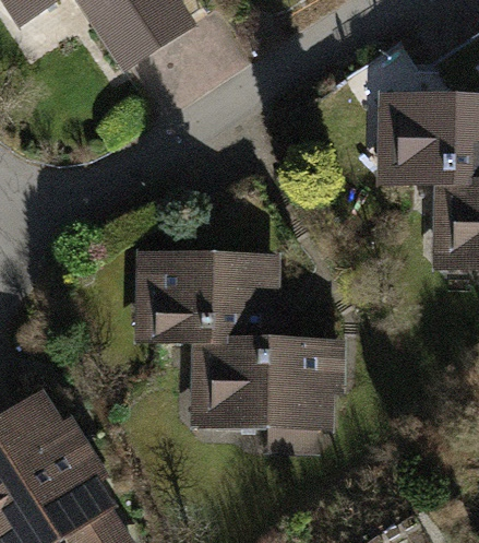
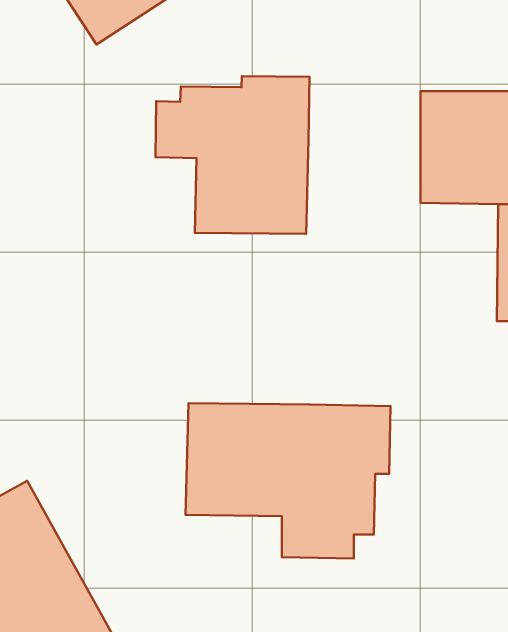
building: none -> [156,76,309,234]
building: [130,251,289,338] -> none

